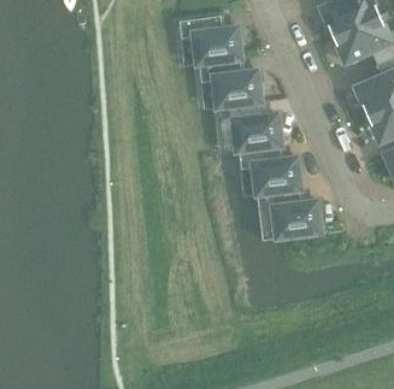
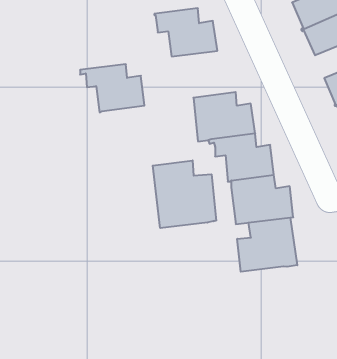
building: [194,59,261,110] -> [80,64,144,112]
building: none -> [153,160,216,228]
building: none -> [237,218,297,272]

